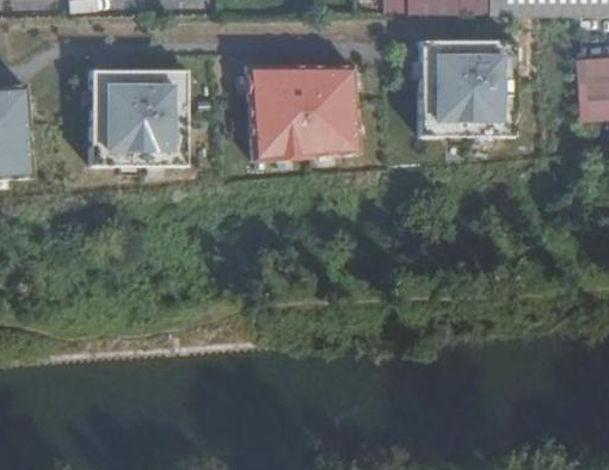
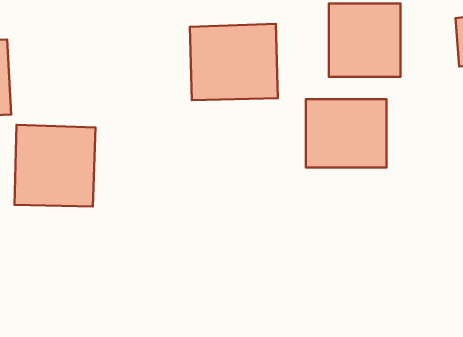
building: [88,68,189,169] -> [14,125,96,207]
building: none -> [306,99,386,167]

